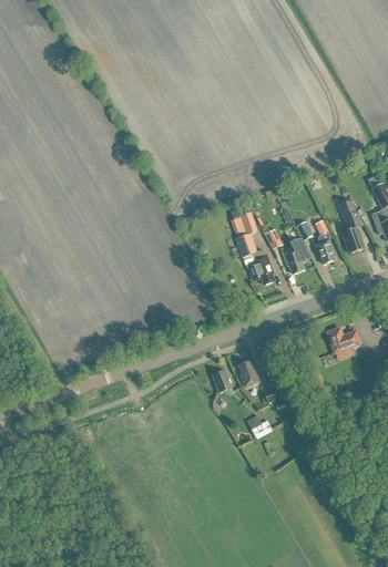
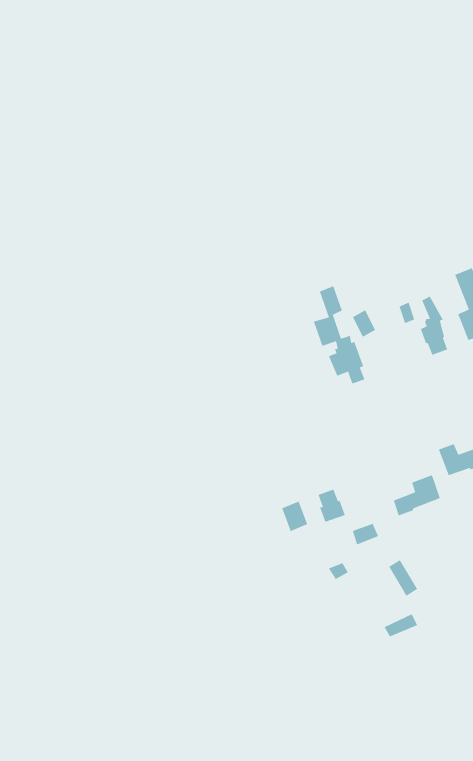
building: [283,238,309,275] -> none
building: none -> [393,474,441,517]

